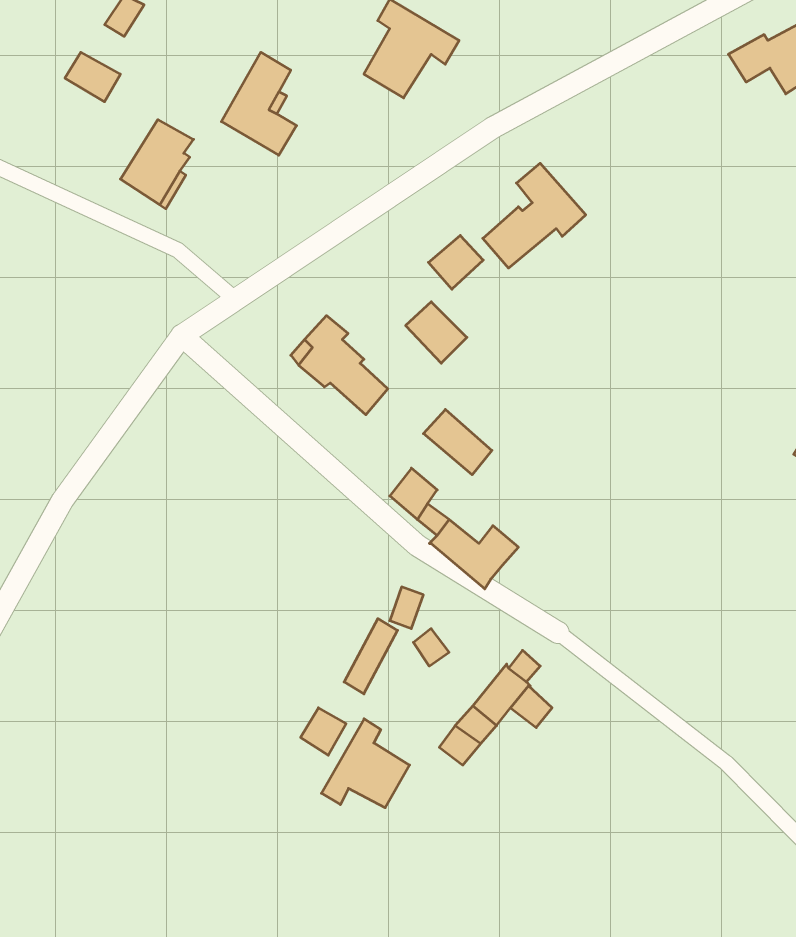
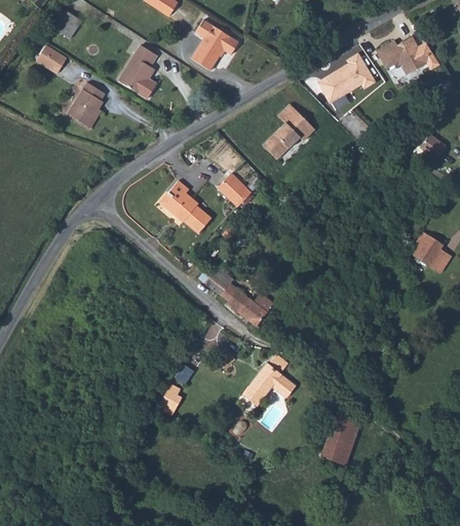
building: none -> [321,46,381,99]
building: [428,235,483,289] -> none
building: [423,409,492,475] -> none
building: [321,719,410,808] -> none
building: none -> [323,413,362,462]

